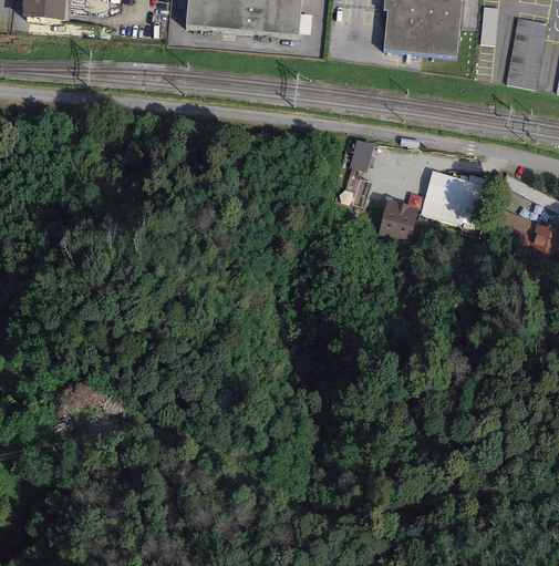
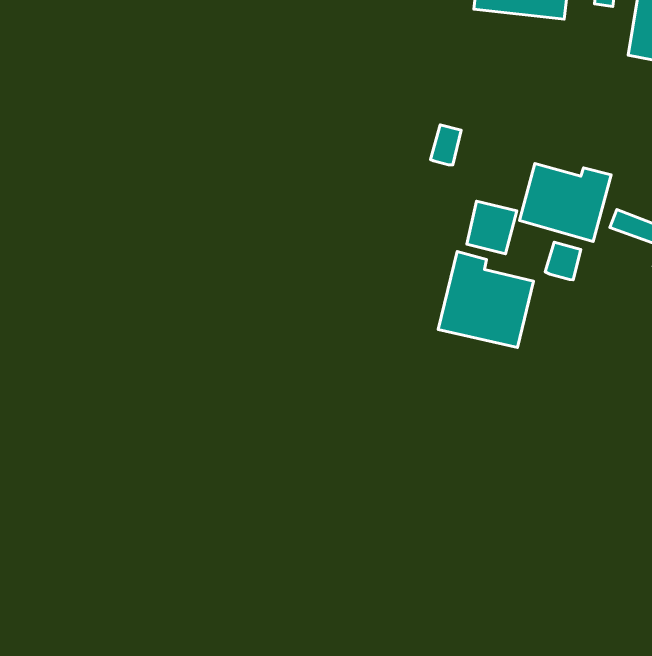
building: [341,168,371,209] -> none
building: none -> [545,242,581,280]
building: none -> [438,252,534,348]

